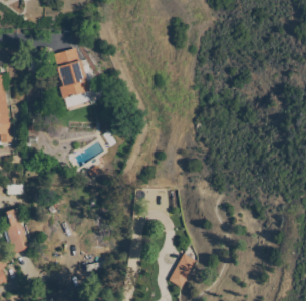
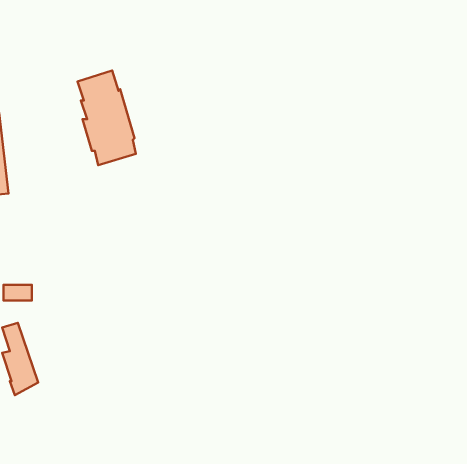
building: [170,253,197,287] -> none

